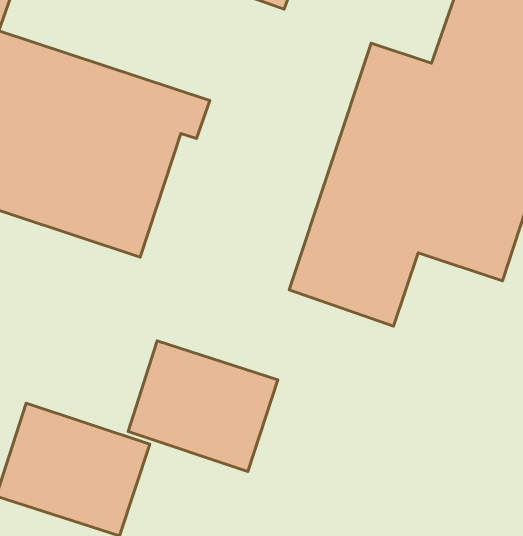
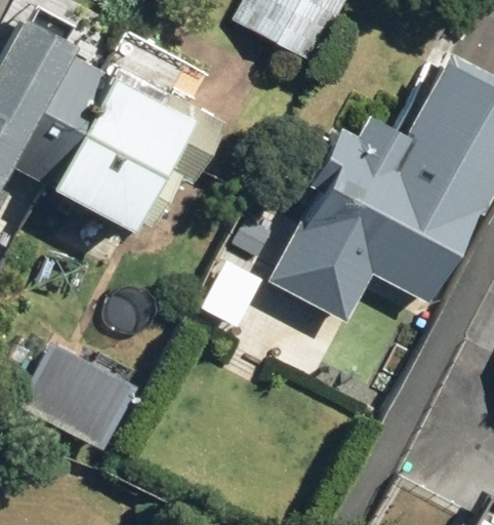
building: [128,341,278,472] -> none

